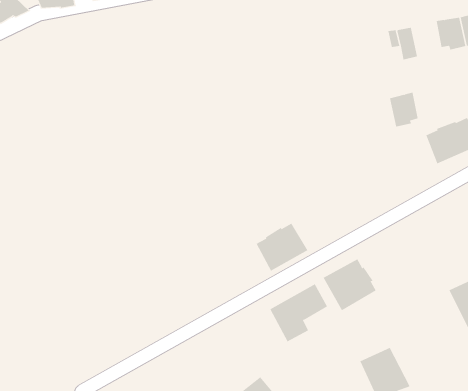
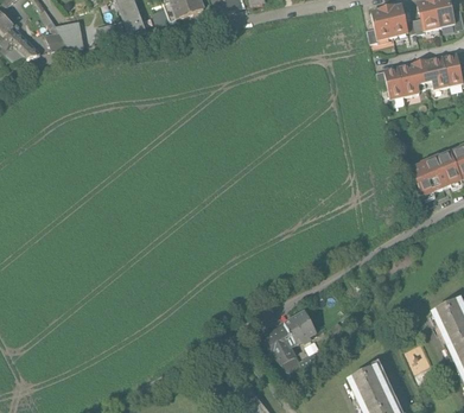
building: [389,92,418,127] -> [398,59,425,93]
building: [256,223,308,271] -> none
building: [323,258,376,311] -> none

